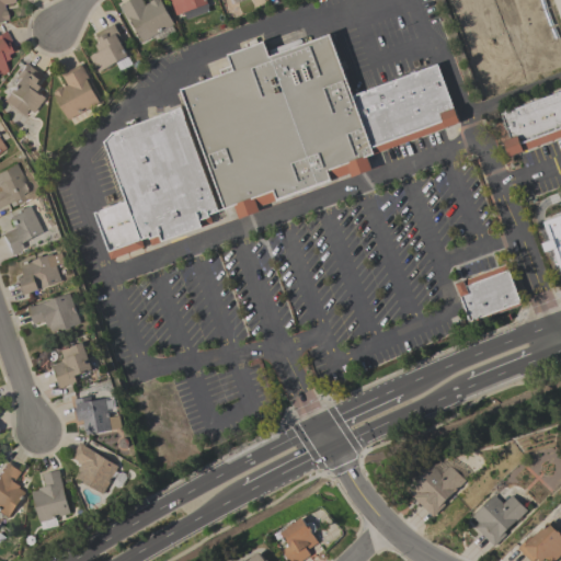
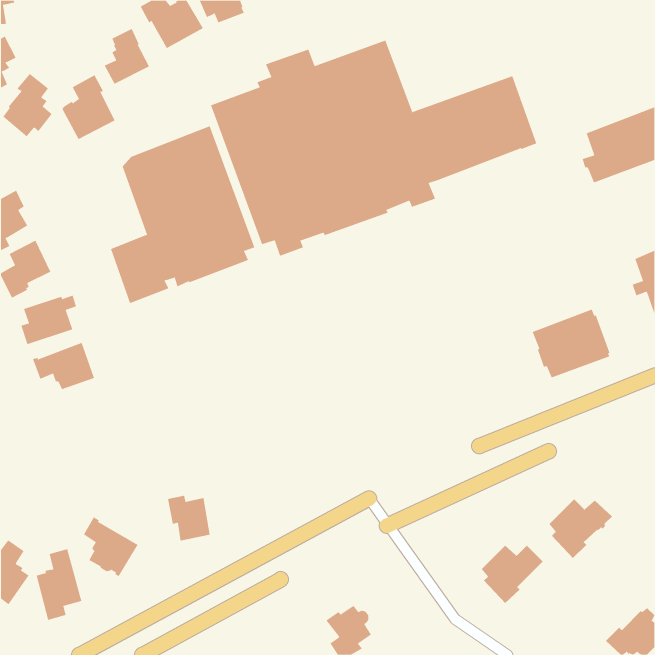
building: [50,342,93,389] -> none
building: [75,396,112,435] -> [167,495,211,541]
building: [472,494,527,546] -> [549,499,613,559]

